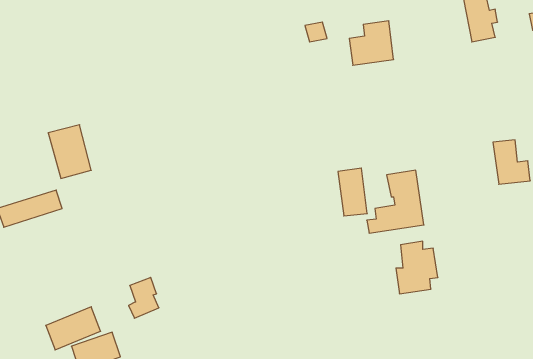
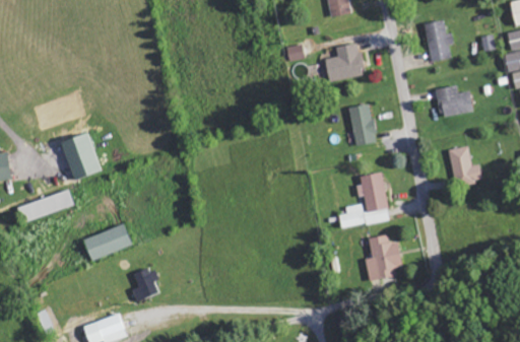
building: none -> [437,84,474,117]
building: [338,168,367,216] -> [350,104,376,145]
building: [46,307,101,350] -> [84,223,132,261]

